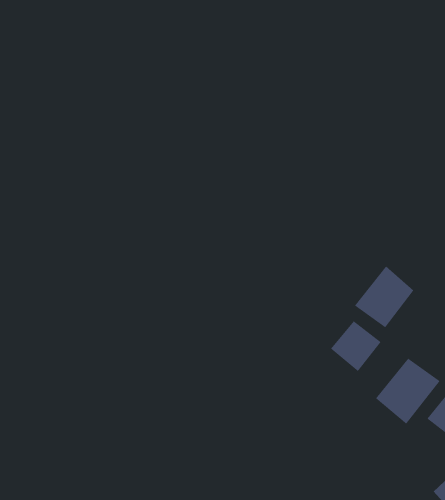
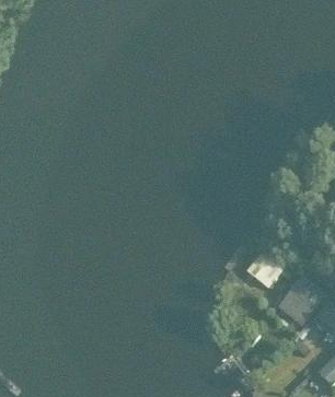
building: [354,265,414,328] -> none

